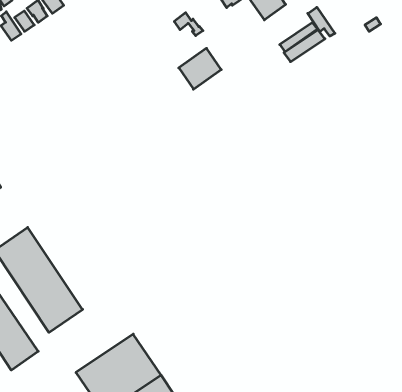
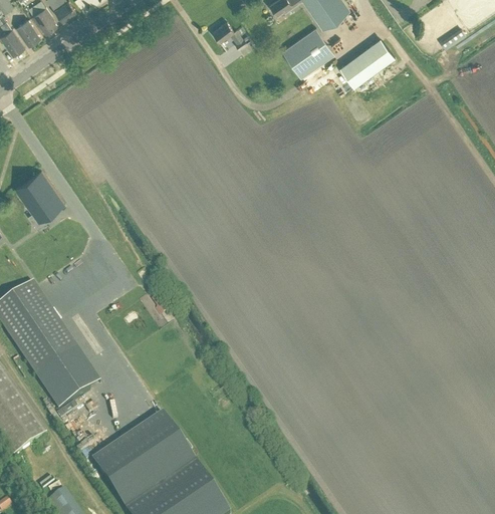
building: [308,7,335,36] -> none
building: [179,48,221,89] -> [283,27,335,77]
building: none -> [16,170,65,228]

